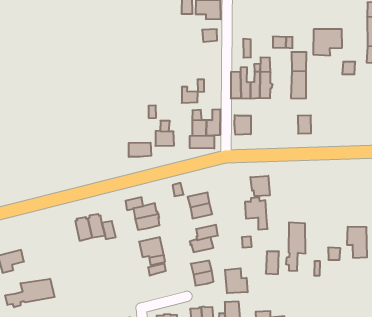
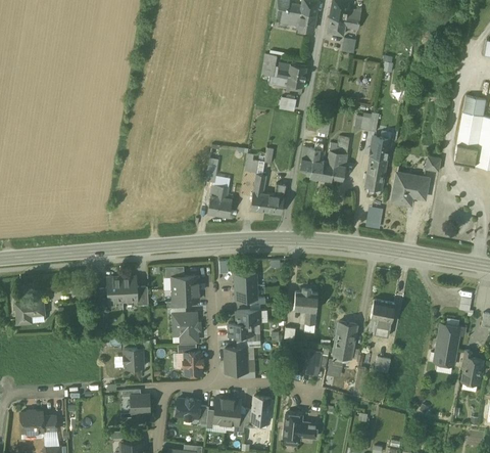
building: [313,29,342,55] -> [392,174,428,206]
building: [235,115,251,135] -> none
building: [190,136,214,149] -> none
building: [129,143,151,157] -> none
building: [250,176,270,196] -> none
building: [347,227,367,258] -> [370,301,394,337]
building: none -> [124,341,150,368]
building: [225,268,248,293] -> none
building: none -> [183,352,202,375]
building: [5,279,55,307] -> none

